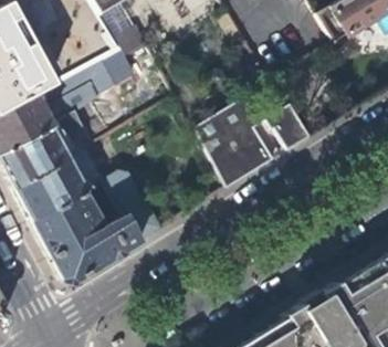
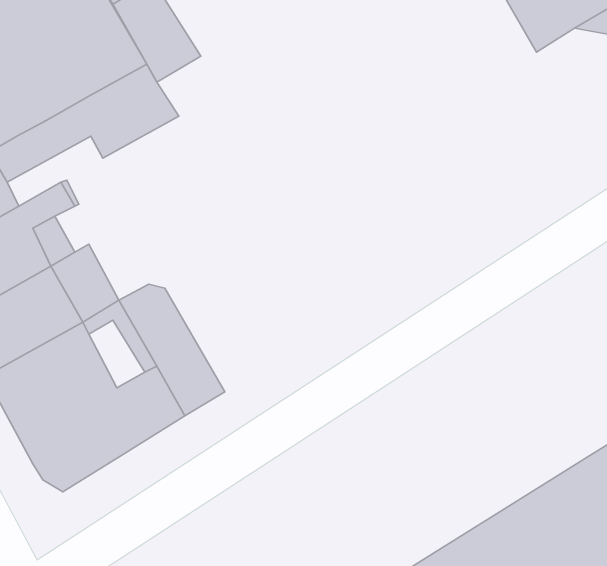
building: [193,92,311,190] -> none

